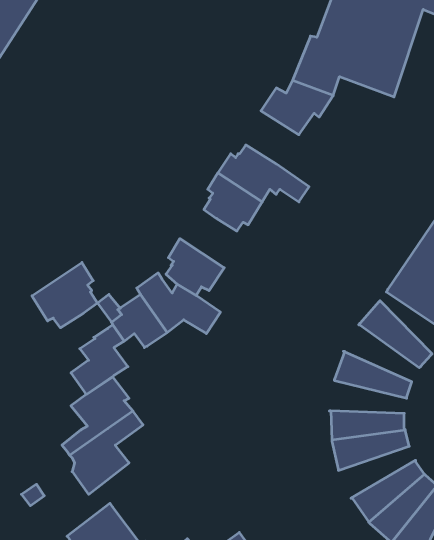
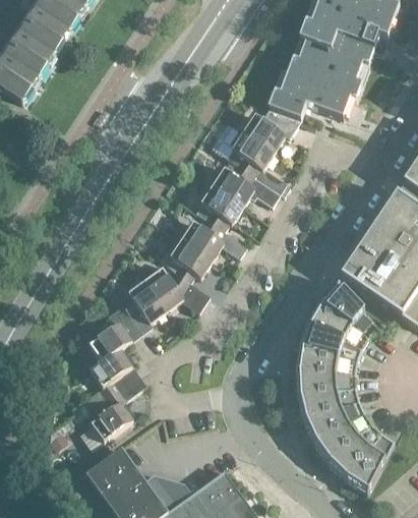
building: none -> [226,128,273,174]
building: none -> [177,218,247,257]
building: [32,262,97,328] -> none
building: none -> [308,303,369,349]
building: none -> [297,348,359,375]
building: none -> [304,401,366,443]

